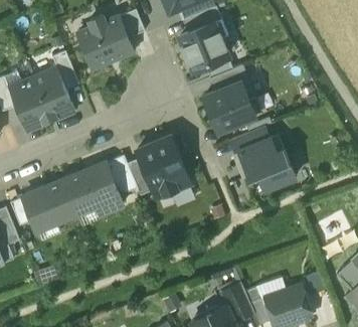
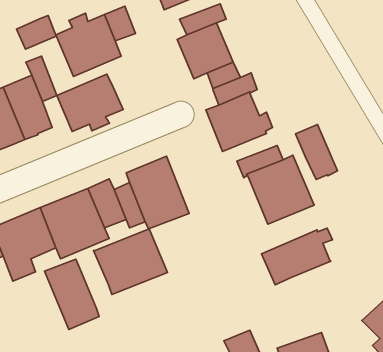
building: none -> [17,16,56,49]
building: none -> [57,74,123,132]
building: none -> [296,125,338,180]
building: none -> [261,228,332,285]
building: none -> [93,229,167,295]
building: none -> [45,259,99,330]

